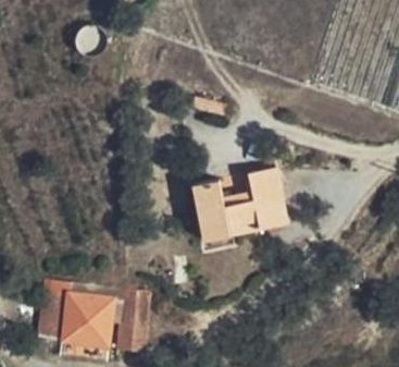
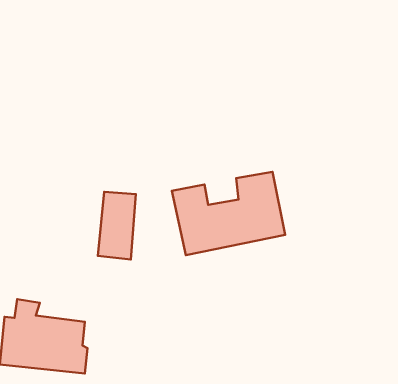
building: [119,291,151,350] -> [98,192,136,260]

